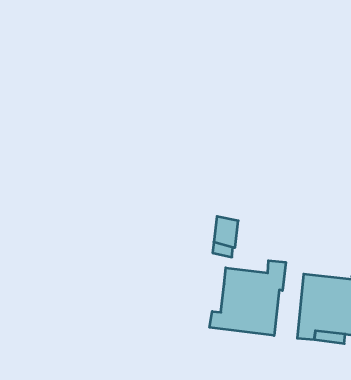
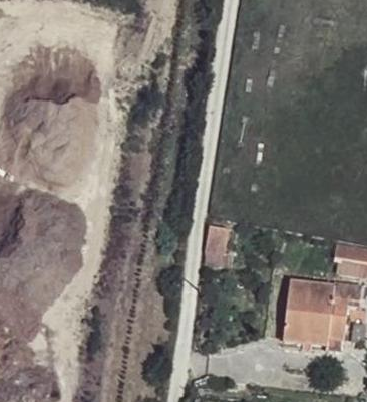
building: [210,261,286,336] -> none

